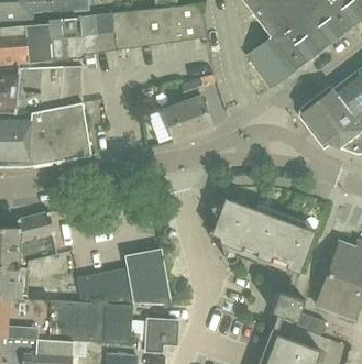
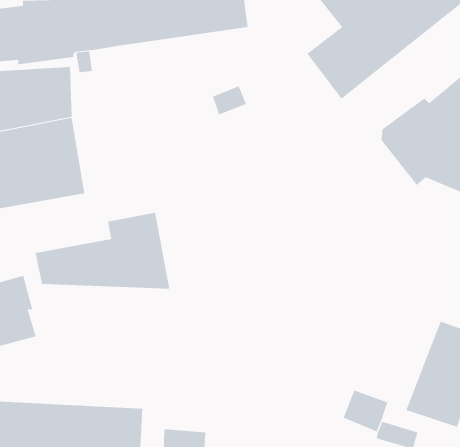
building: [163,96,212,141] -> none
building: [211,198,315,272] -> none
building: [75,250,169,304] -> [35,212,170,289]

